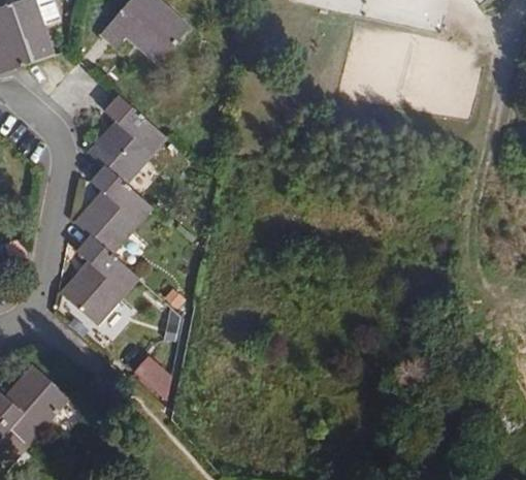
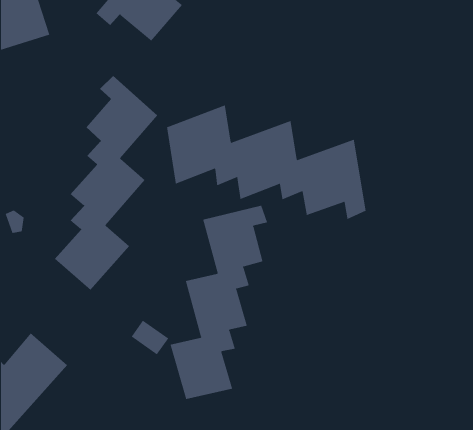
building: none -> [166,105,366,220]
building: none -> [170,205,268,400]

